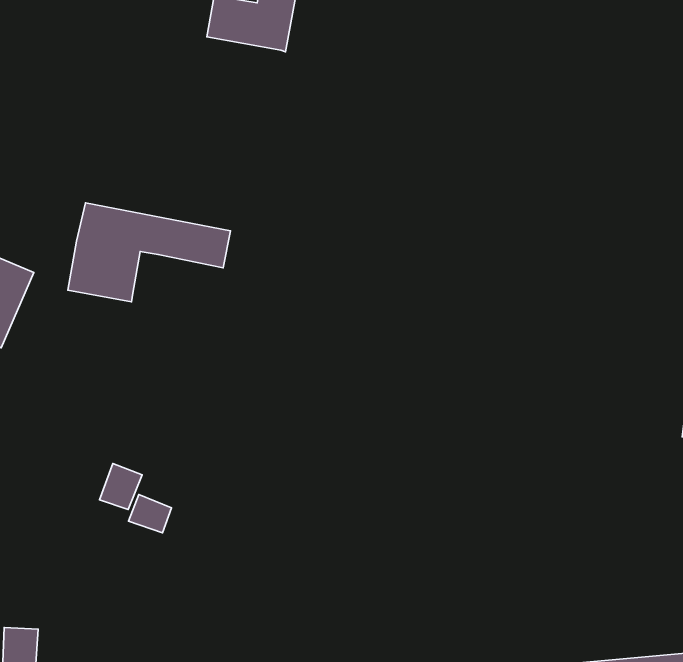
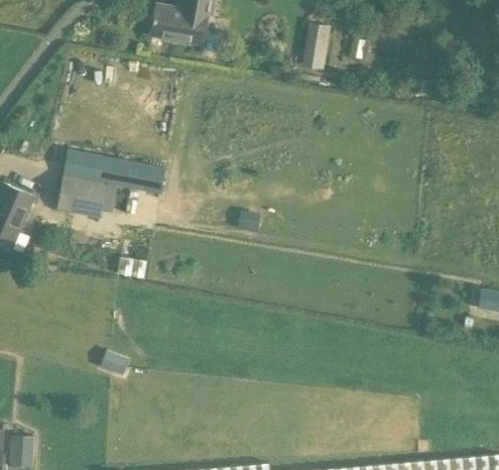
building: none -> [300,20,329,70]
building: [100,464,142,510] -> none

